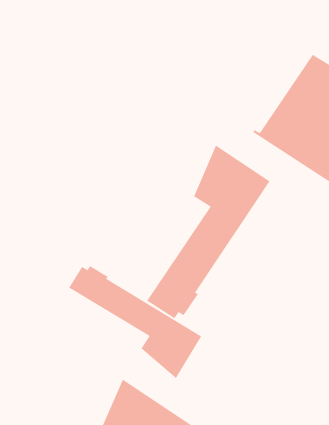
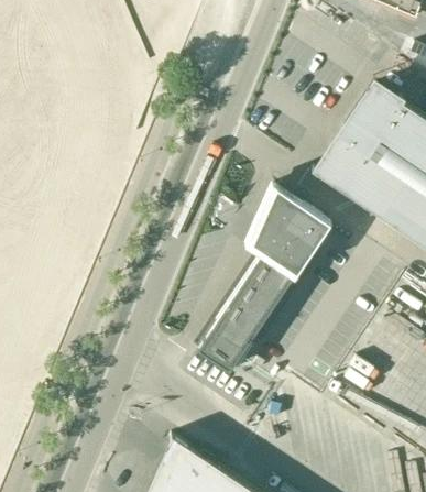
building: [68,265,202,379] -> none

